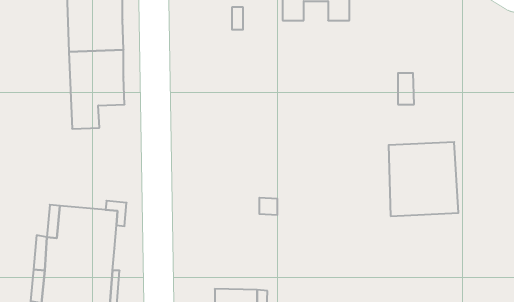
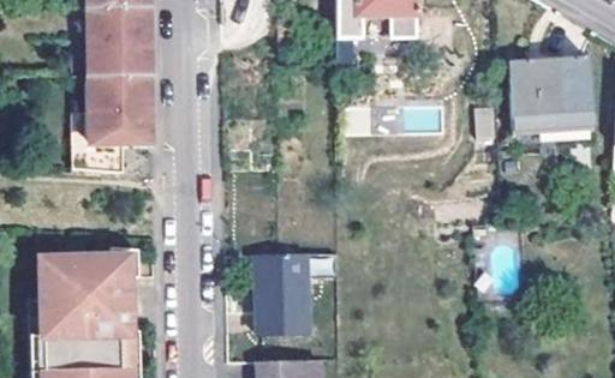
building: [389,142,458,216] -> [509,55,592,143]
building: none -> [251,254,306,337]

